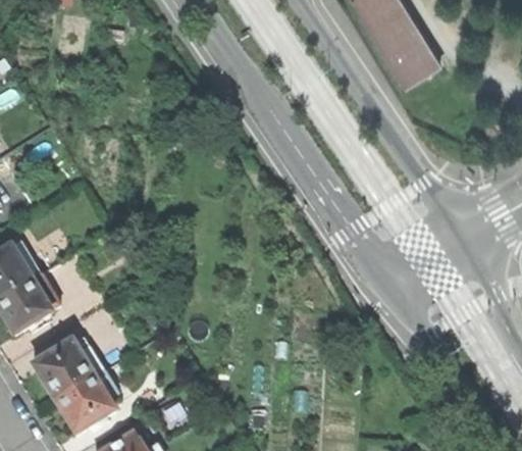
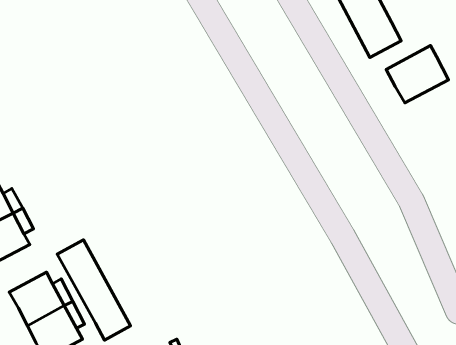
building: none -> [386,46,449,103]
building: none -> [57,240,131,340]

